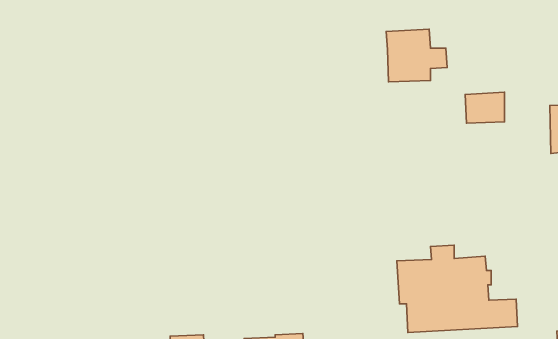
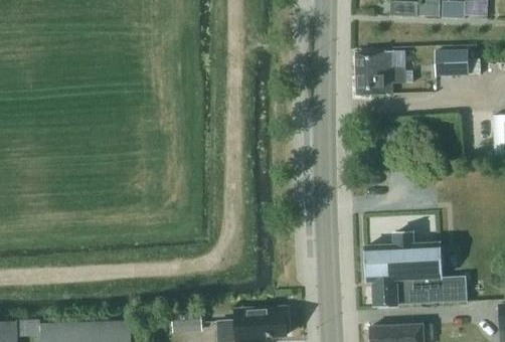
building: [465,92,505,123] -> [435,50,468,76]

